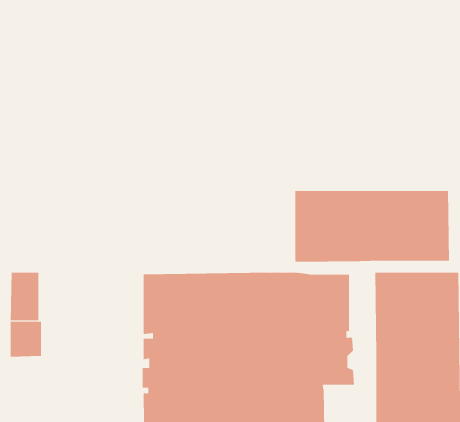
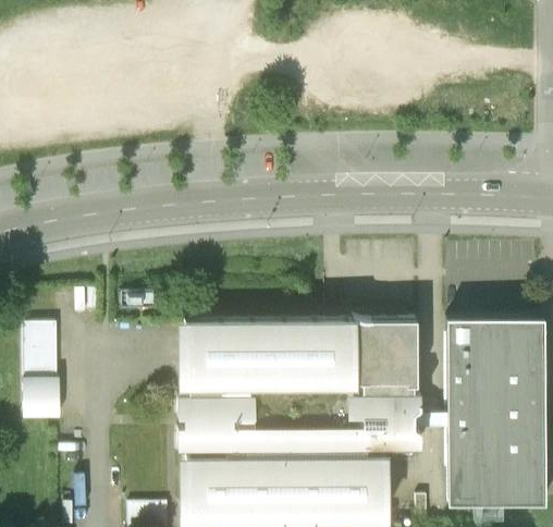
building: [295,190,449,262] -> none

